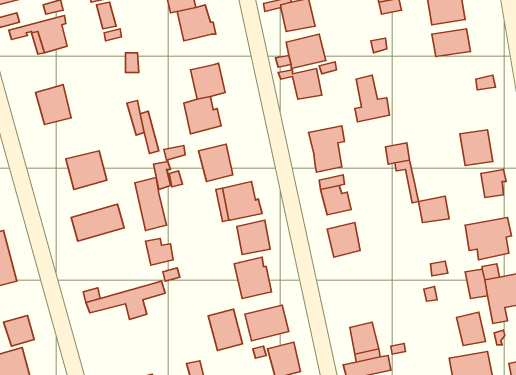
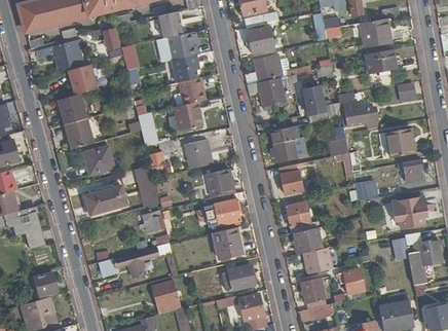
building: none -> [172,54,198,83]
building: none -> [70,65,98,95]
building: none -> [337,91,377,131]
building: none -> [66,119,94,149]
building: none -> [293,227,332,273]
building: [208,309,243,350] -> [153,280,180,311]
building: [456,312,486,345] -> [343,267,366,293]

